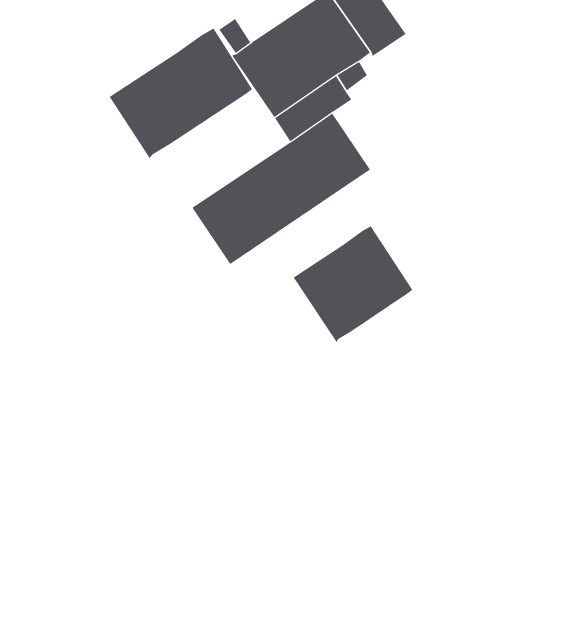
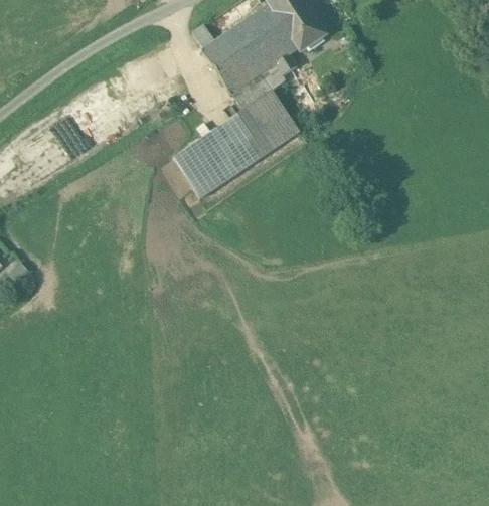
building: [109,27,253,159] -> none
building: [293,225,413,343] -> none

